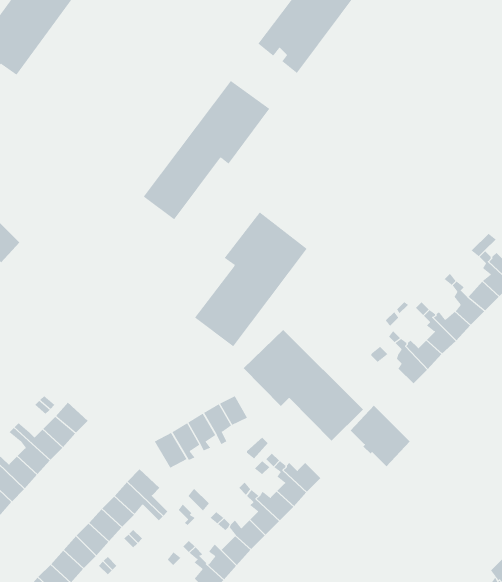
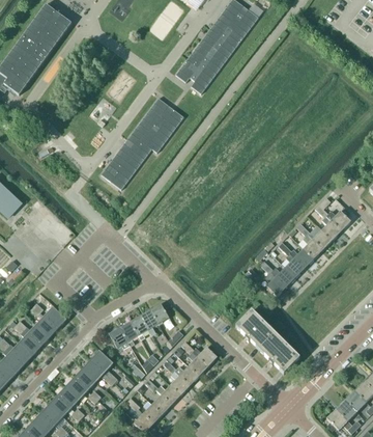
building: [194,211,308,347] -> none
building: [243,329,364,442] -> none
building: none -> [260,333,300,374]

